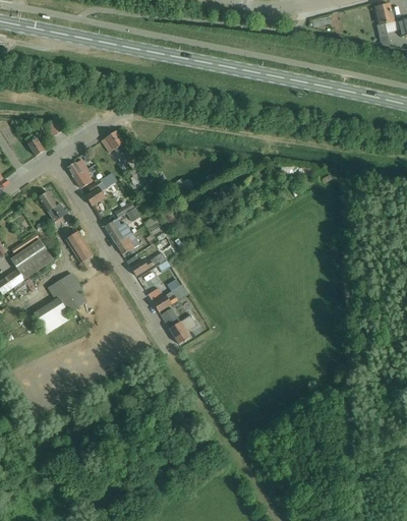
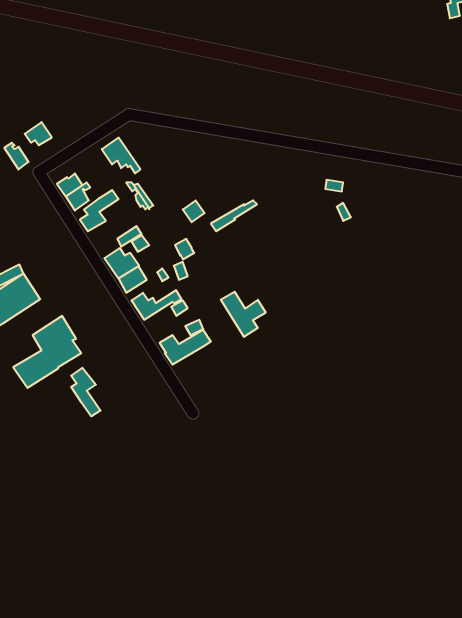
building: [38,191,67,222] -> none
building: [65,231,94,269] -> none
building: [161,308,196,344] -> [221,292,266,337]
building: none -> [71,368,101,416]

